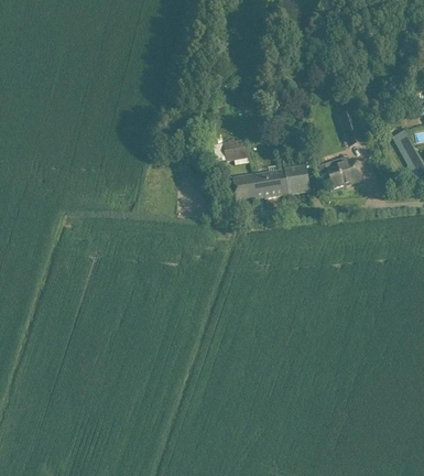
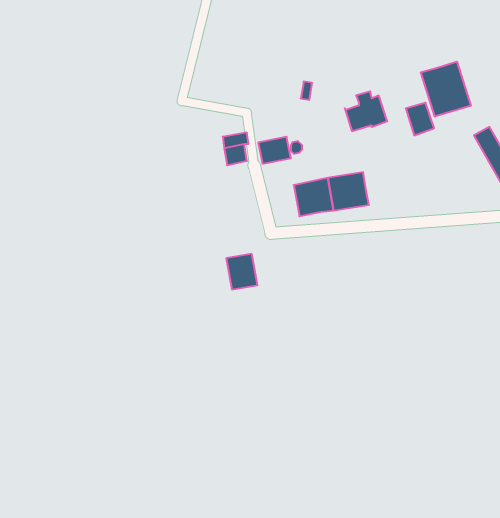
building: none -> [421,62,471,117]
building: [328,154,361,185] -> [345,91,387,131]
building: [232,174,257,202] -> [226,254,257,289]

